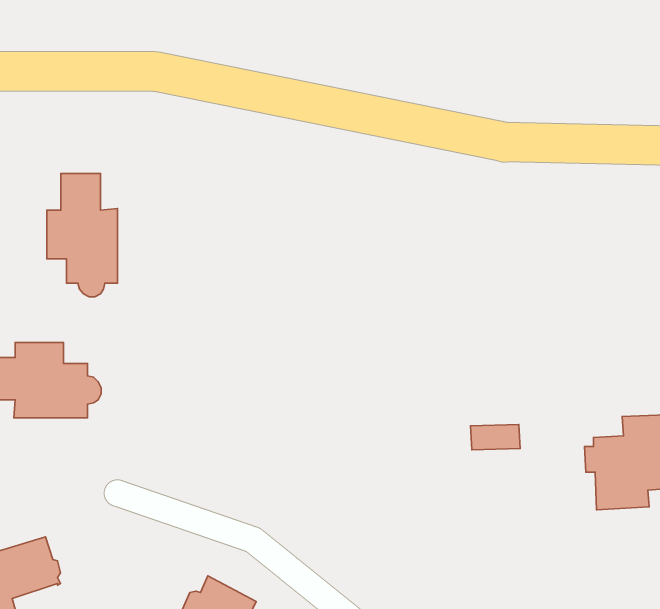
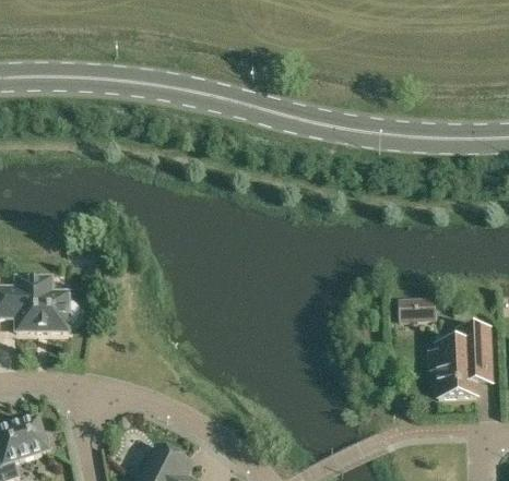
building: [47,173,118,297] -> none
building: [470,424,520,450] -> [399,301,435,320]

